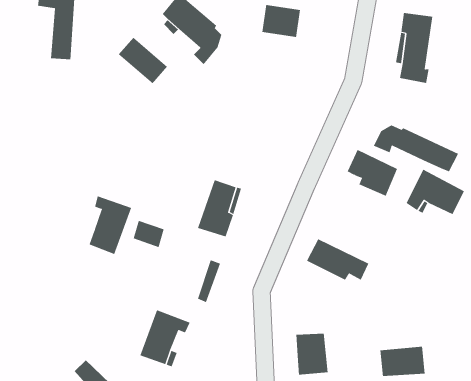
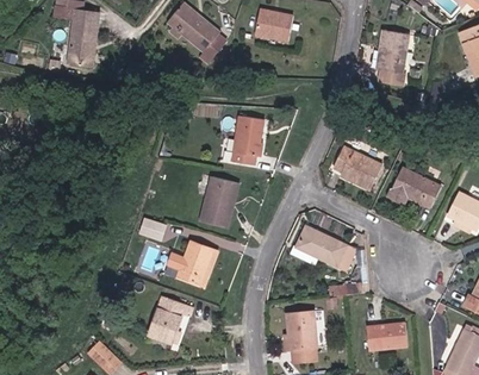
building: [118,37,168,84] -> none
building: none -> [231,114,265,167]
building: [373,125,459,172] -> none
building: [89,195,132,255] -> none
building: none -> [175,239,210,283]

